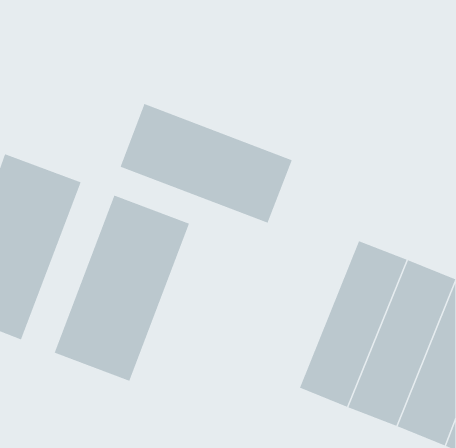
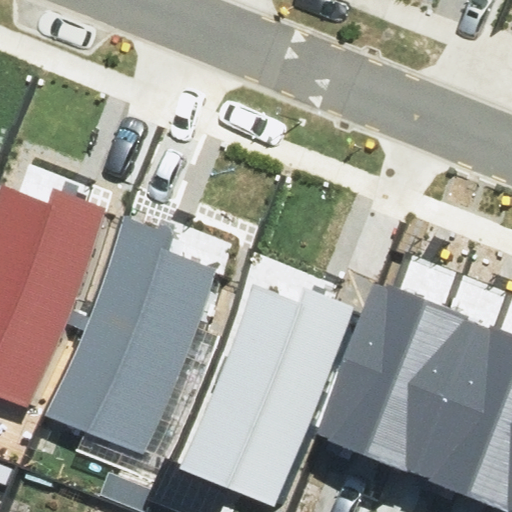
building: [120,103,292,224] -> none
building: none -> [197,292,349,500]

